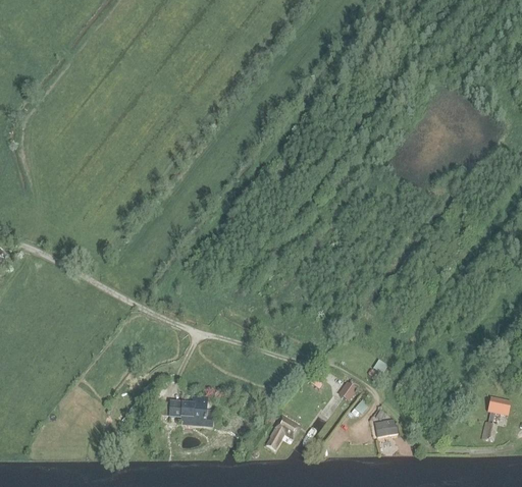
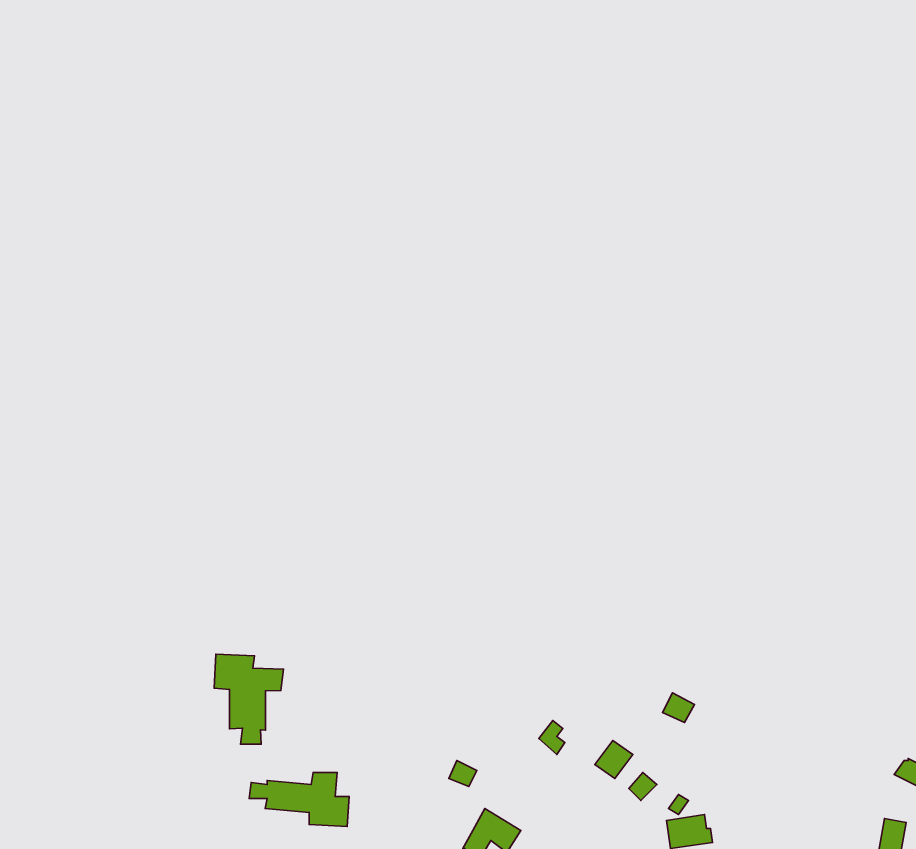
building: none -> [214,654,284,744]

